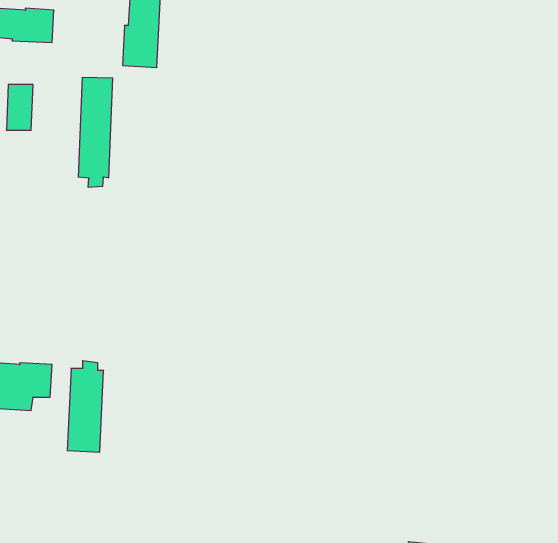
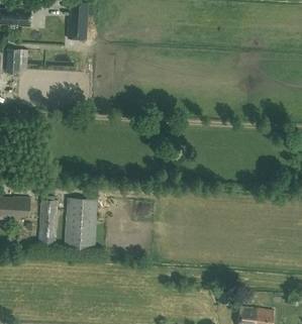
building: [78,77,113,187] -> none
building: none -> [64,197,97,249]

